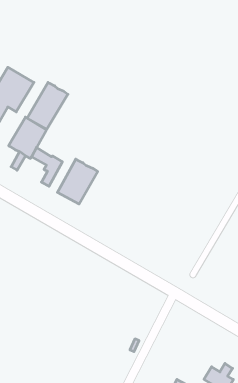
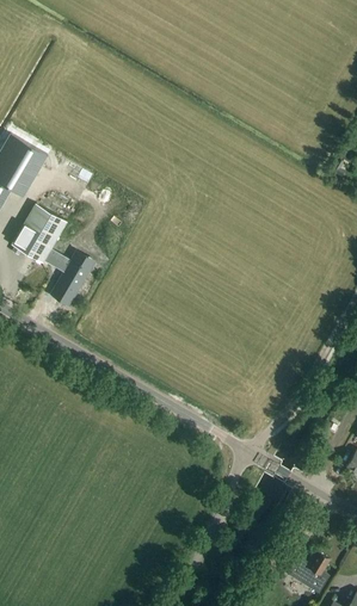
building: [27,82,68,129] -> none
building: [57,159,98,204] -> none

